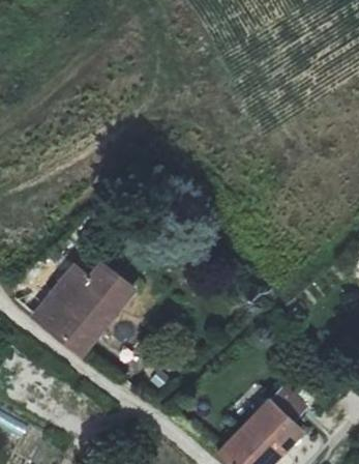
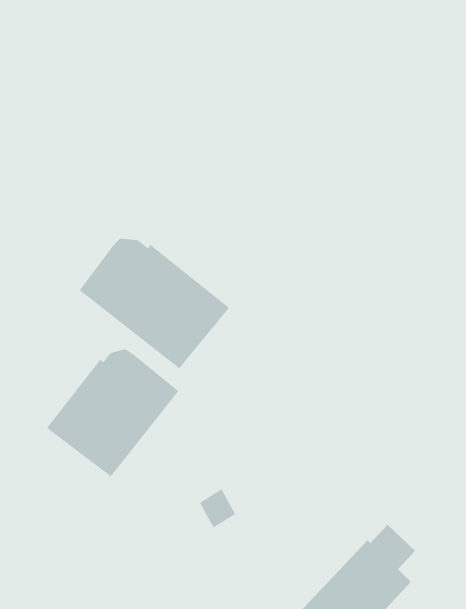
building: none -> [79,238,230,369]

